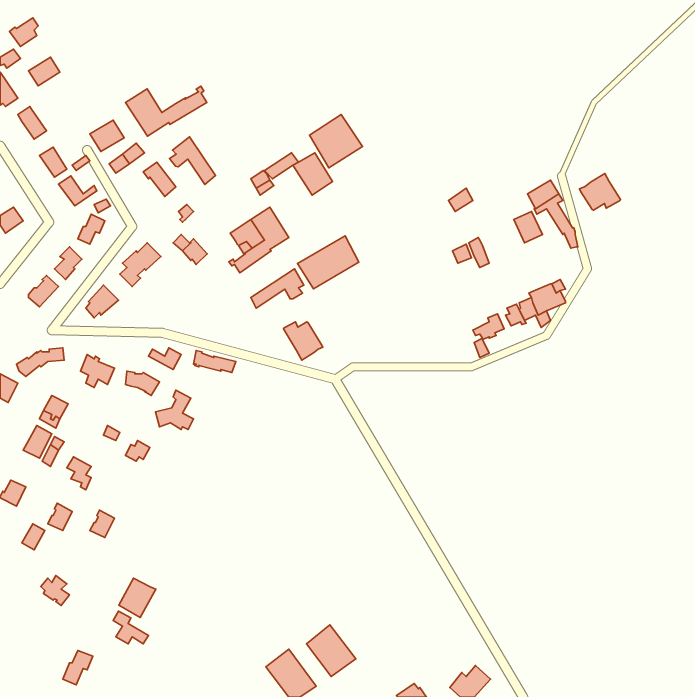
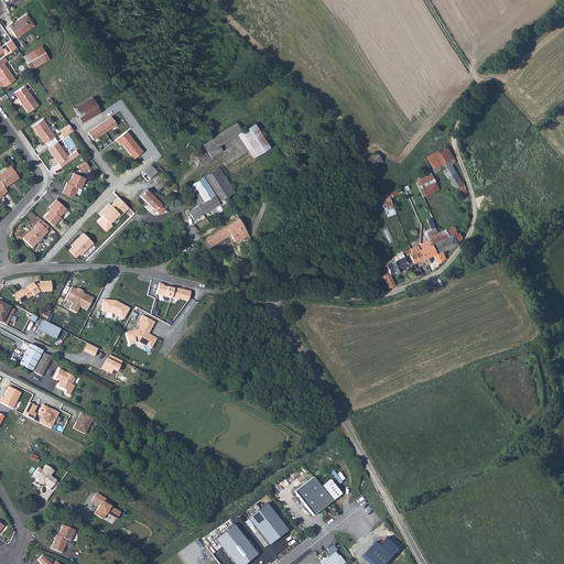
building: [126,86,207,136] -> none
building: [309,114,362,168] -> none
building: [169,137,215,185] -> none
building: [580,173,621,210] -> none
building: [298,236,359,289] -> none
building: [284,322,323,360] -> none
building: [119,578,156,617] -> none
building: none -> [295,478,341,516]

